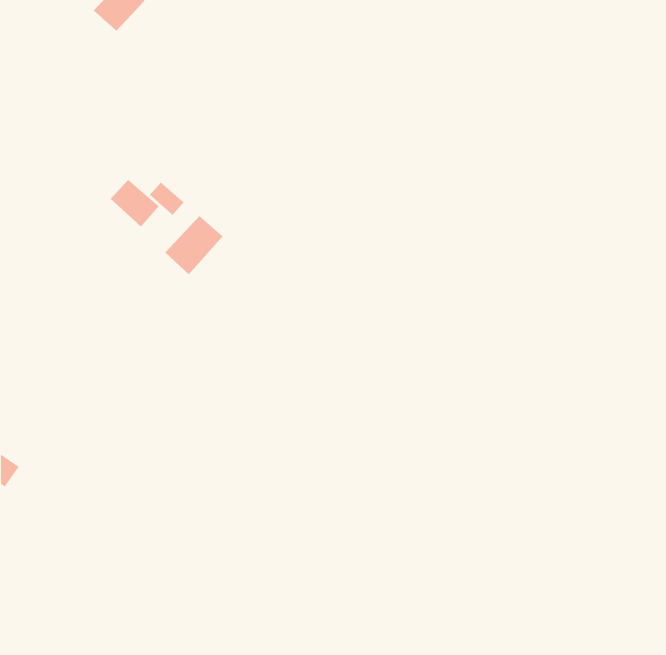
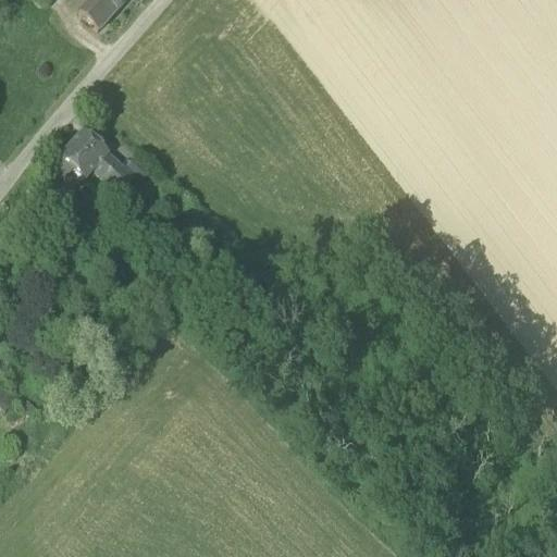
building: none -> [60,126,109,175]
building: [165,215,224,275] -> none

